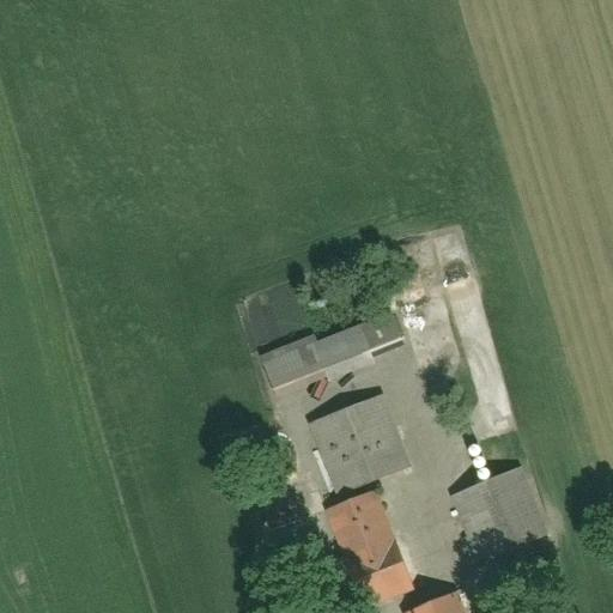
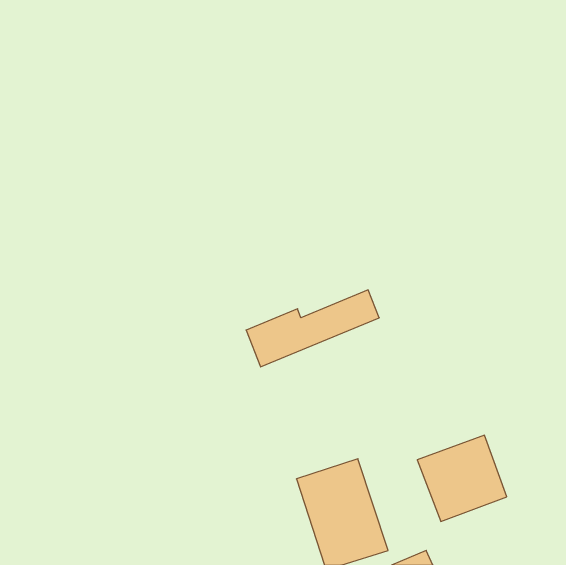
building: [310,400,402,485] -> none

